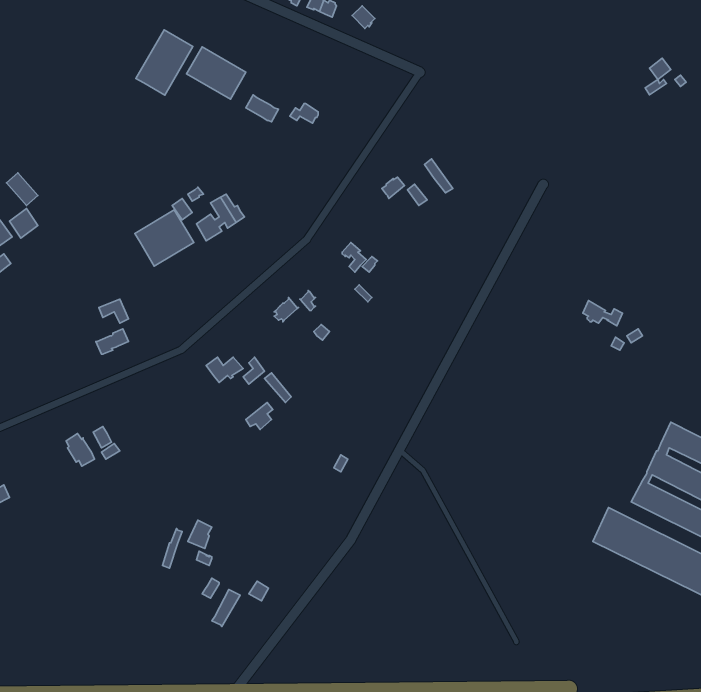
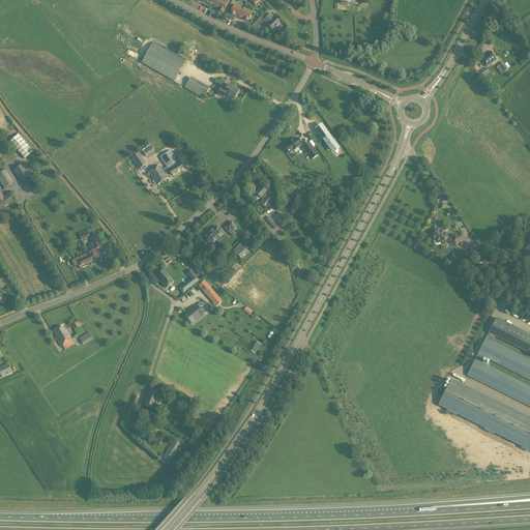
building: [136,30,193,95] -> none
building: [135,210,194,266] -> none

